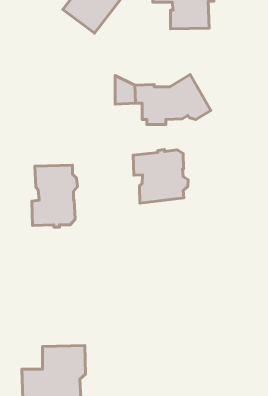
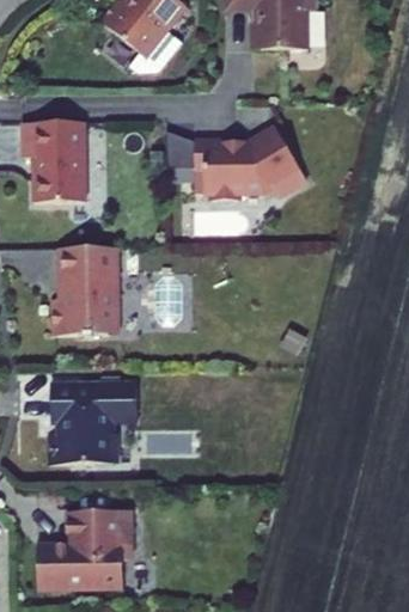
building: none -> [19,123,83,203]
building: [133,149,188,203] -> none
building: none -> [48,387,136,466]

